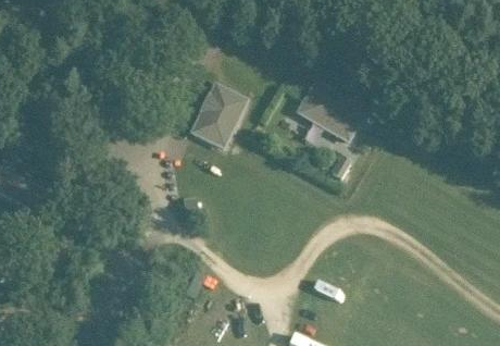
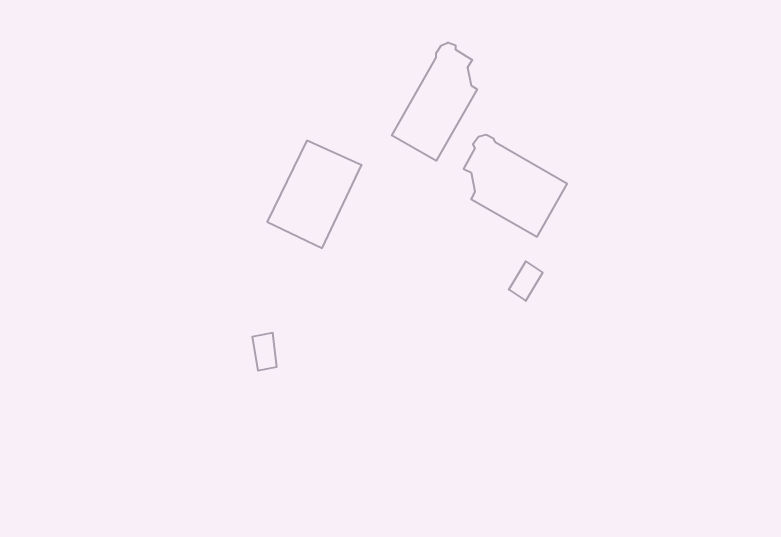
building: none -> [392,42,477,161]

